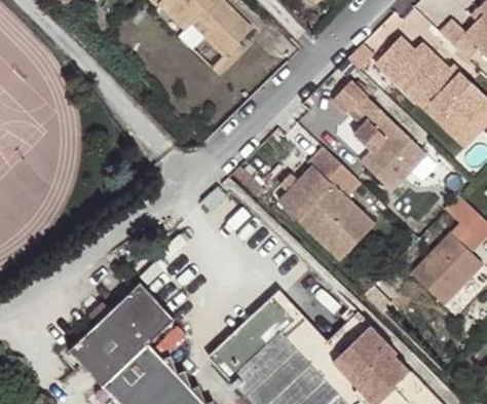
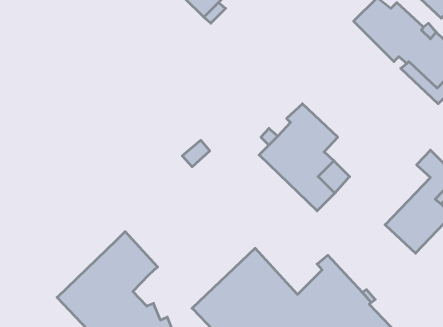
building: [335,79,429,192] -> none

